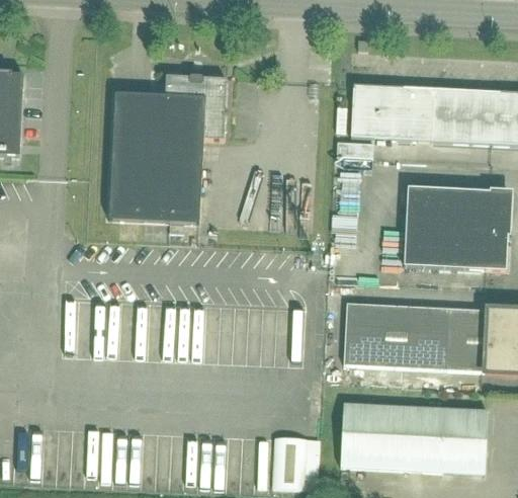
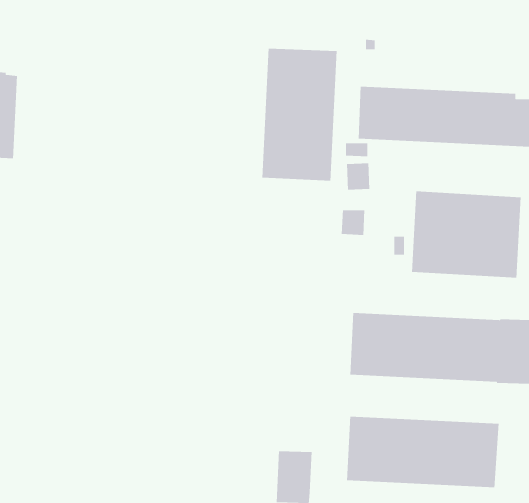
building: none -> [261,48,338,182]
building: [111,75,229,224] -> none

